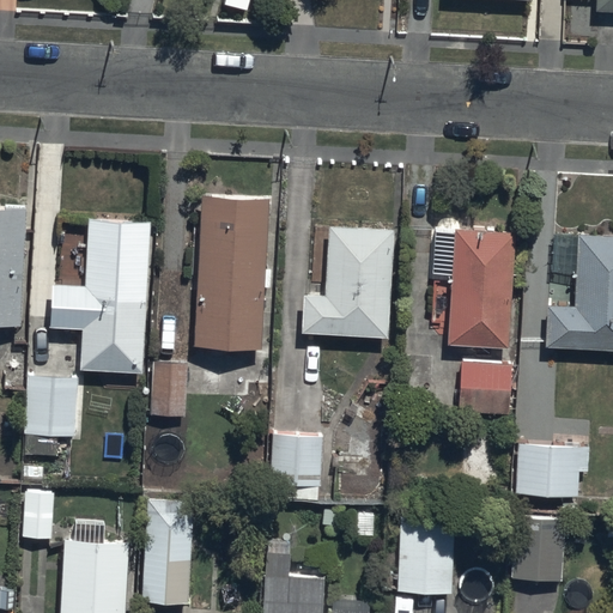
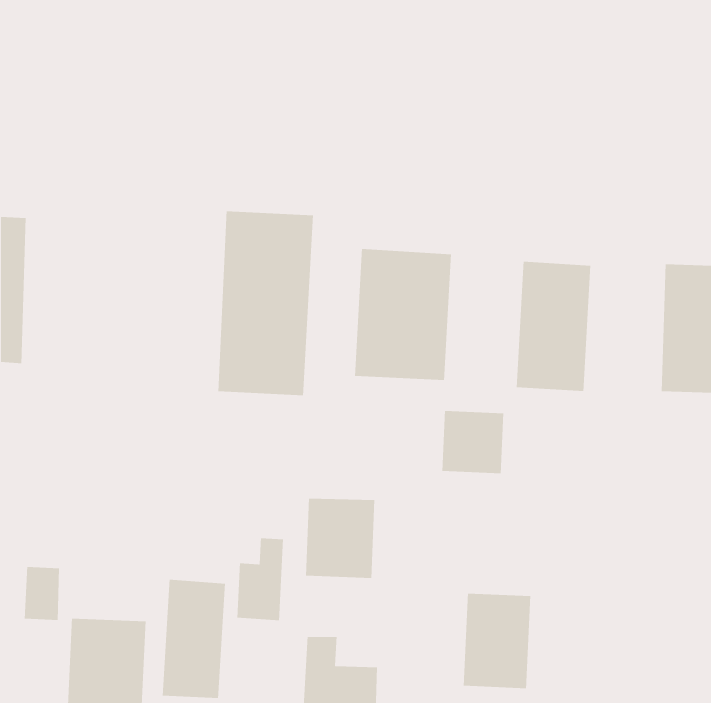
building: [80,213,151,371] -> none
building: [150,345,190,417] -> [236,537,284,621]
building: [457,363,511,418] -> [441,410,504,474]
building: [26,378,78,460] -> none
building: [514,447,588,499] -> none
building: [511,518,565,585] -> none

